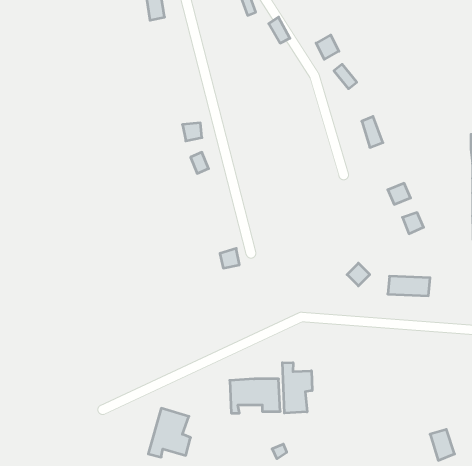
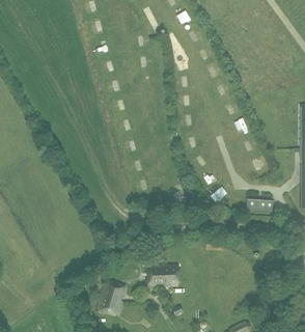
building: [282,363,312,413] -> none

